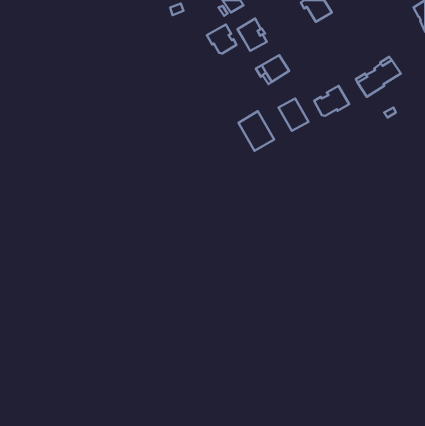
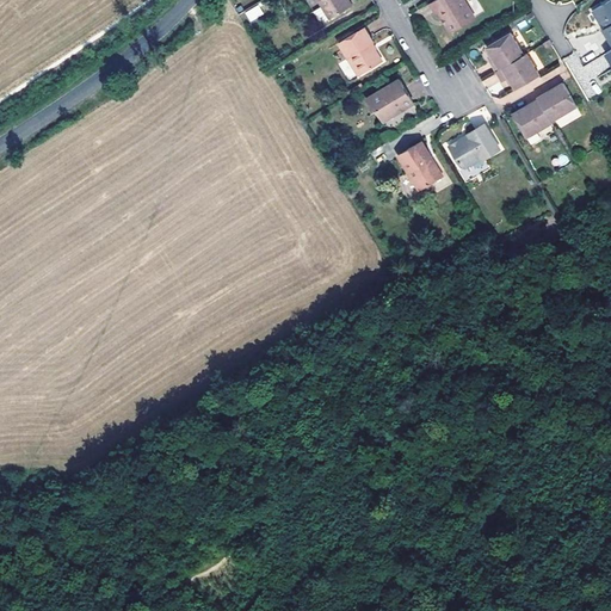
building: none -> [487,35,538,88]
building: [207,24,236,53] -> none
building: [239,111,274,151] -> none

